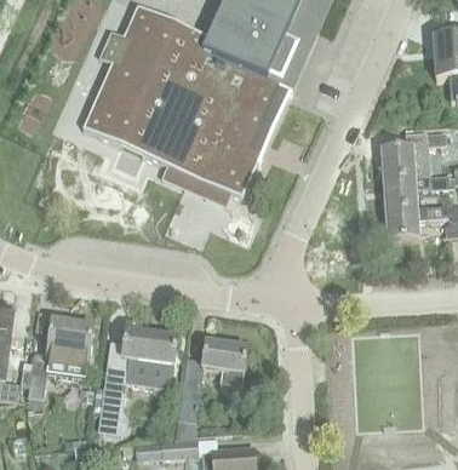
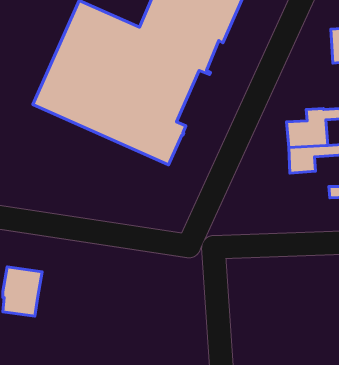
building: [385,205,429,240] -> none
building: [101,323,177,418] -> none
building: [178,339,247,420] -> none

